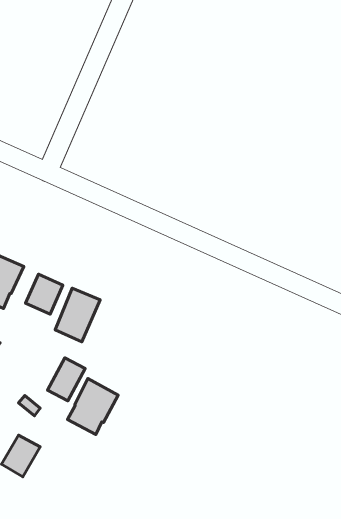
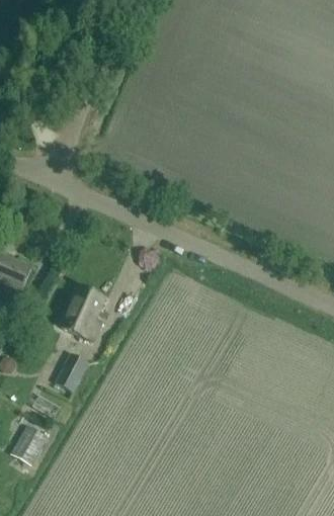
building: [26,274,63,314] -> none
building: [68,379,118,434] -> none

